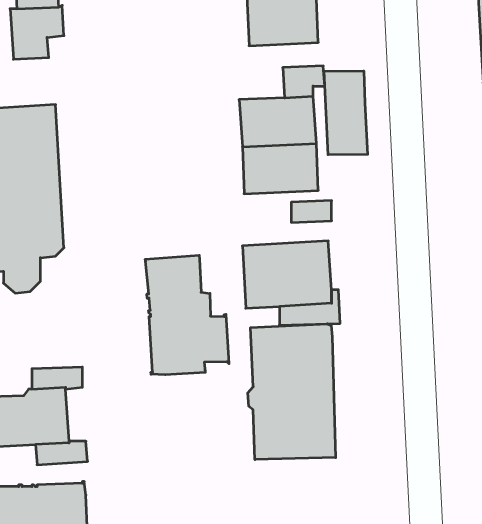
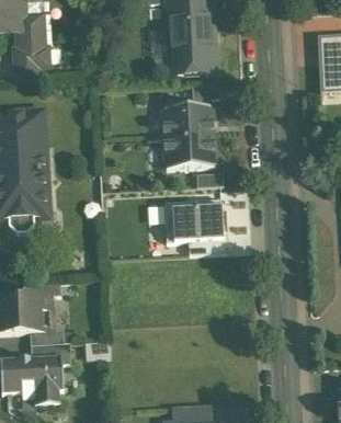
building: [324,71,368,155] -> none
building: [145,255,229,375] -> none
building: [248,324,336,460] -> none
building: none -> [31,341,71,363]

